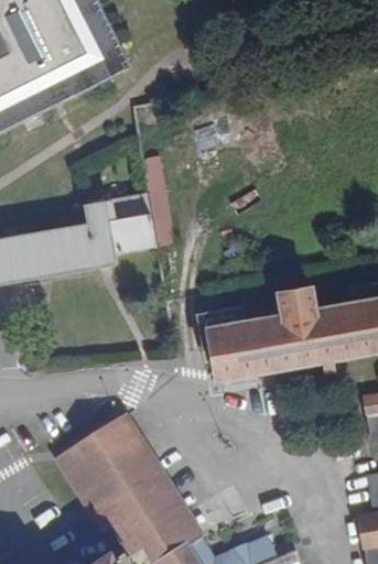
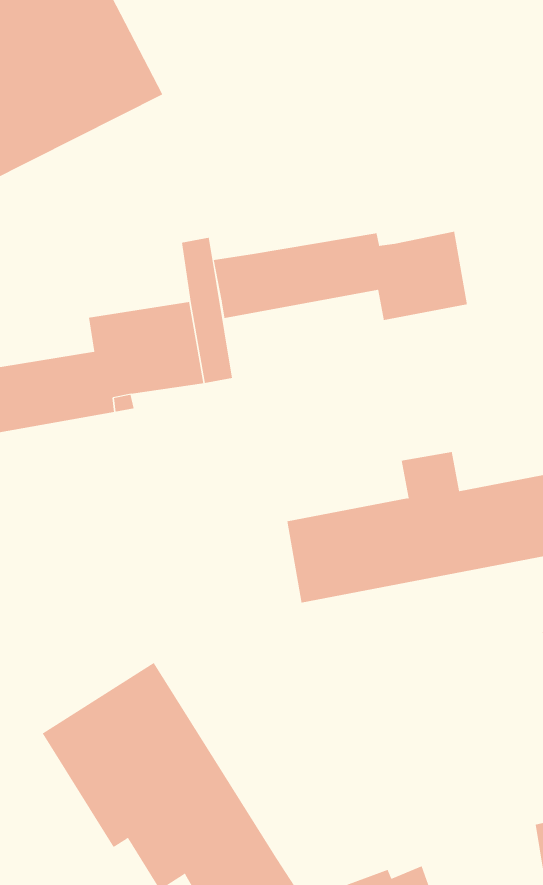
building: none -> [213,231,467,321]

